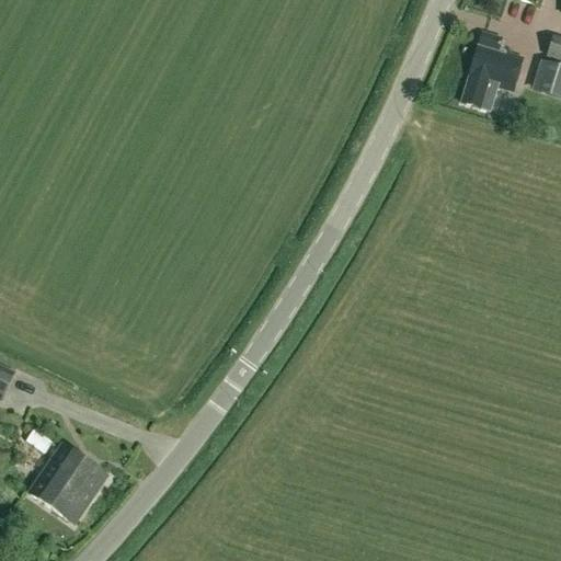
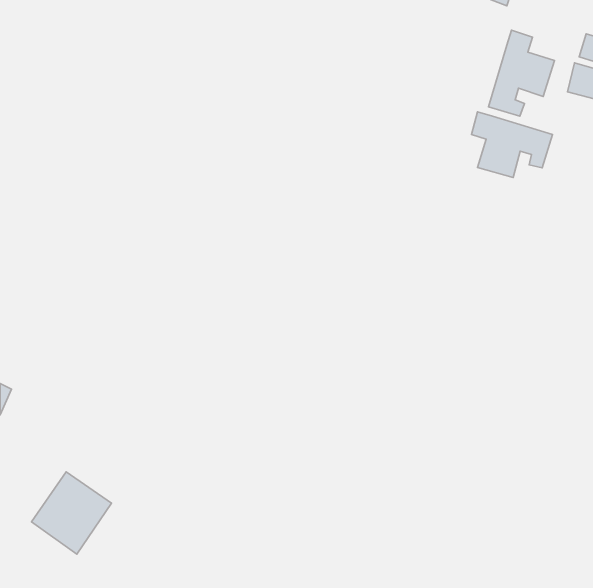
building: none -> [471,112,552,177]

